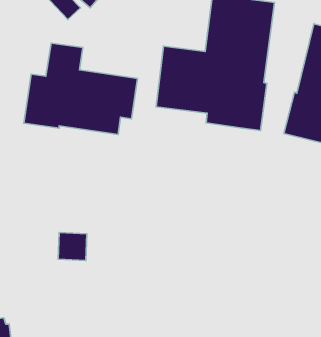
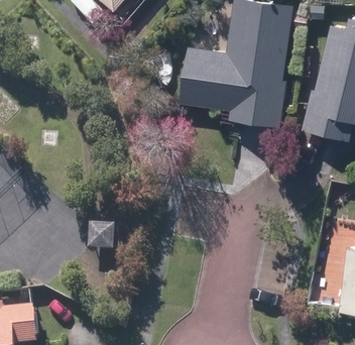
building: [24,43,138,134] -> none

